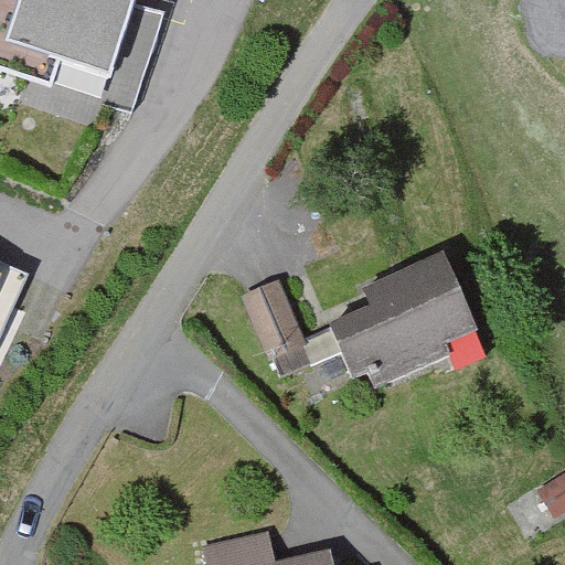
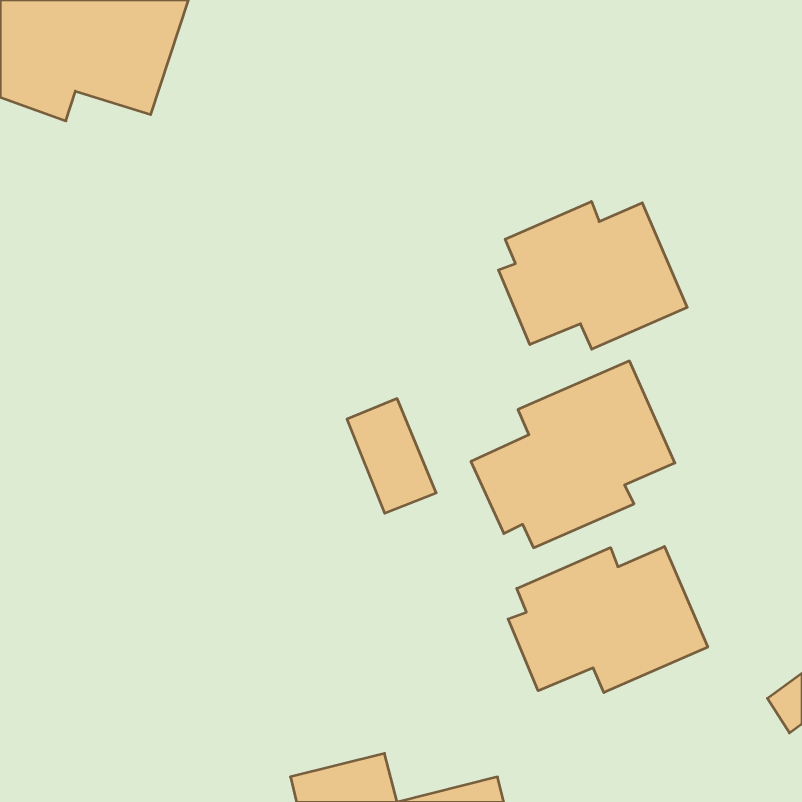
building: none -> [498,201,687,349]
building: none -> [508,546,708,693]

